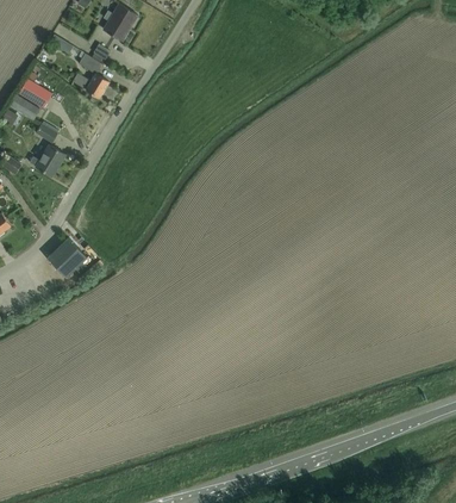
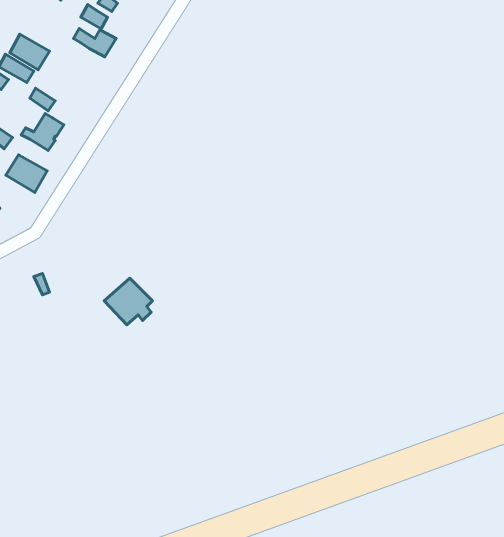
building: none -> [6,155,47,193]
building: [46,238,87,278] -> [104,278,152,325]

